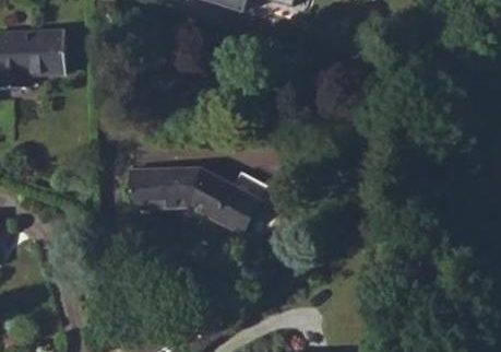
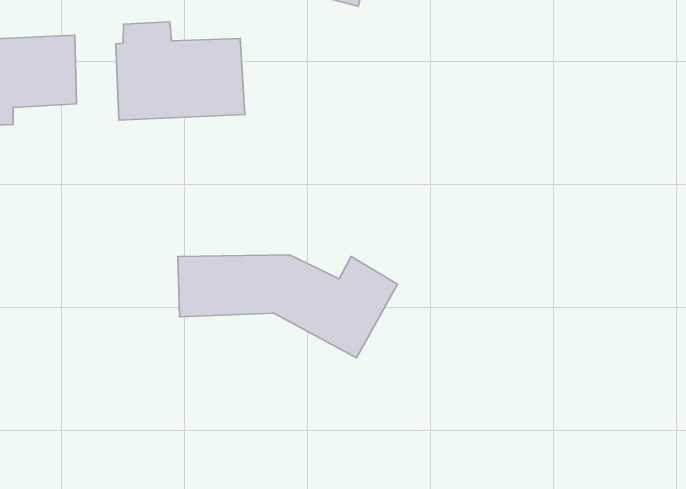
building: none -> [116,22,245,120]

